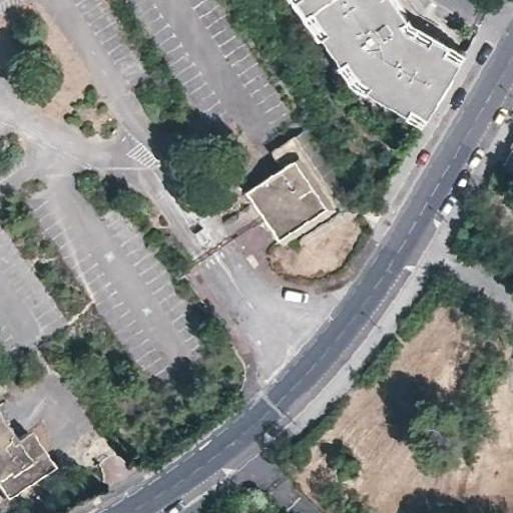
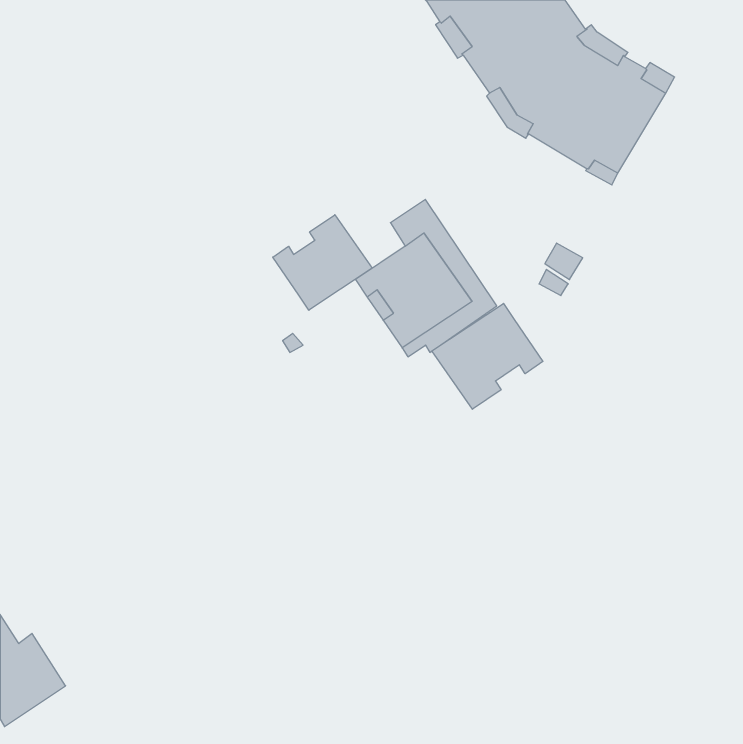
building: none -> [273,215,372,310]
building: none -> [432,303,543,409]

